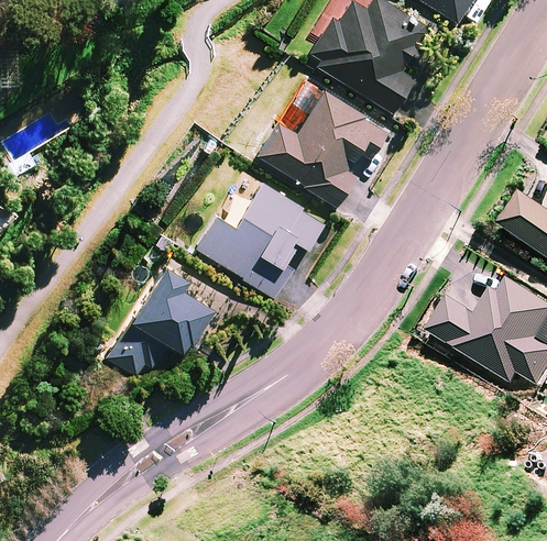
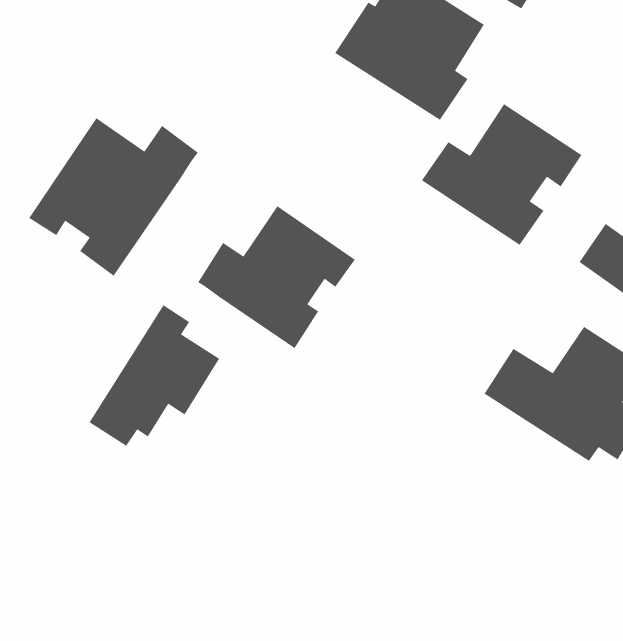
building: [256,89,387,205] -> [421,103,582,246]
building: none -> [28,117,199,277]

